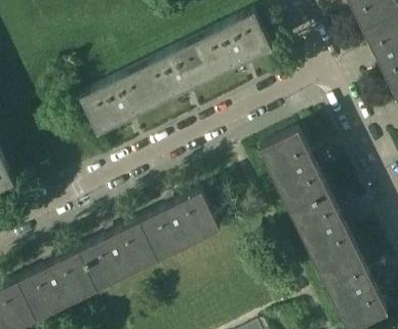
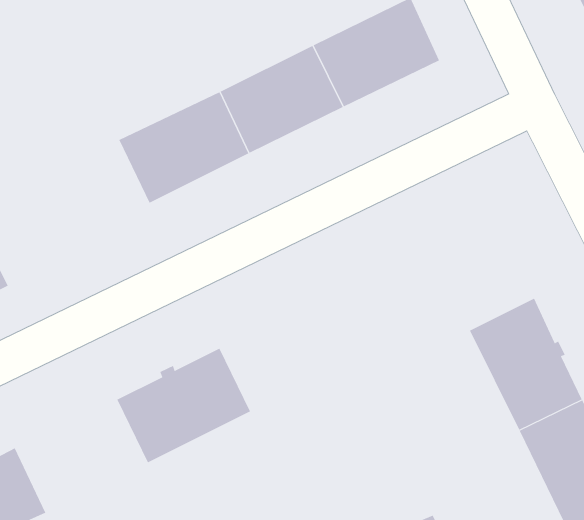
building: [258,130,327,210] -> none
building: [140,191,220,258] -> none
building: [17,251,96,319] -> none

